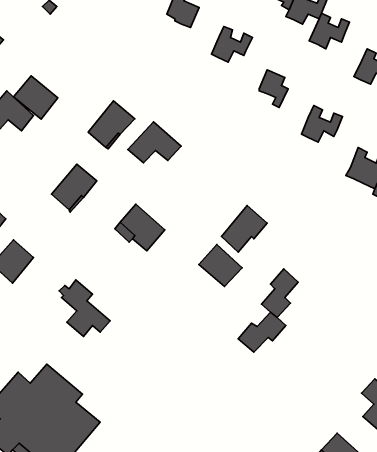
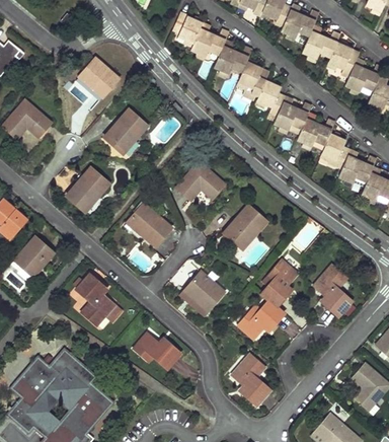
building: none -> [192,24,229,57]
building: none -> [329,46,359,77]
building: none -> [238,64,268,98]
building: [13,76,58,119] -> [77,56,118,95]
building: none -> [274,98,311,131]
building: [128,122,181,163] -> [175,162,224,200]
building: none -> [321,136,348,170]
building: [199,244,242,287] -> [184,271,224,309]
building: none -> [315,269,347,318]
building: none -> [136,335,182,368]
building: none -> [232,355,268,406]

